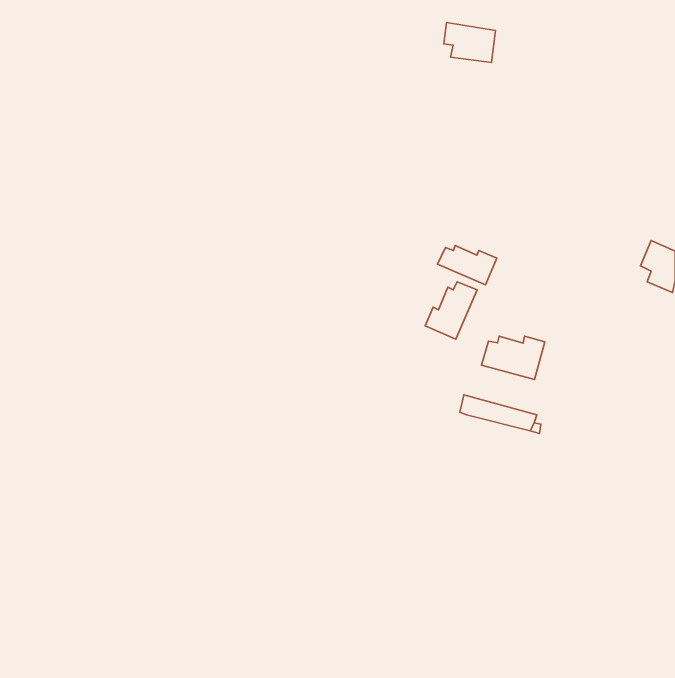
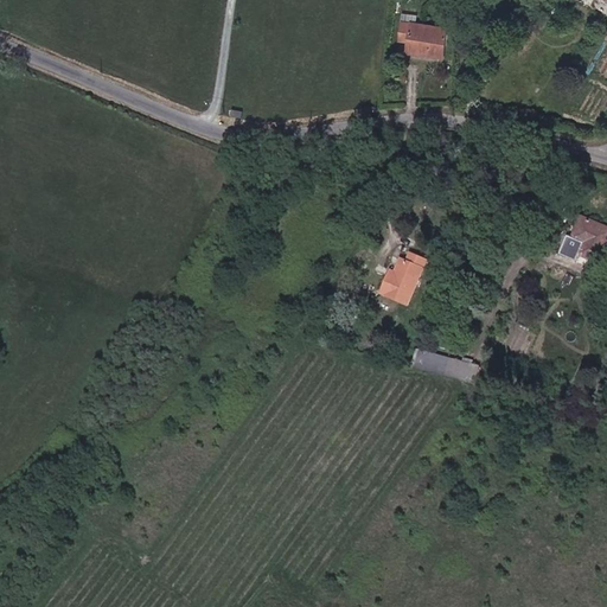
building: [438,246,497,285] -> none
building: [481,336,545,380] -> none

